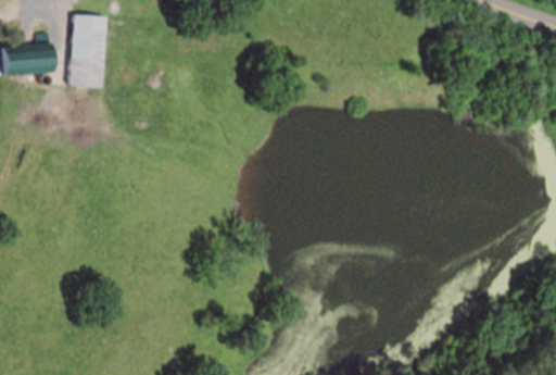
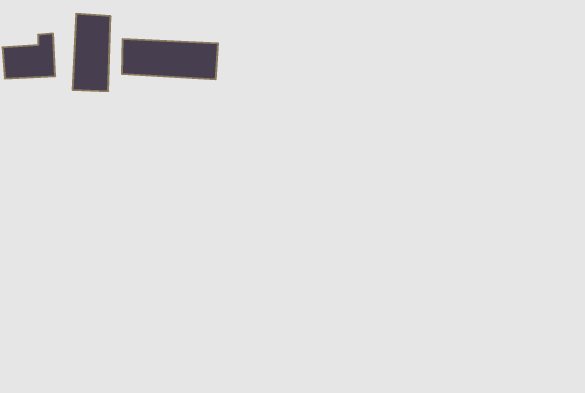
building: none -> [122,39,218,79]

